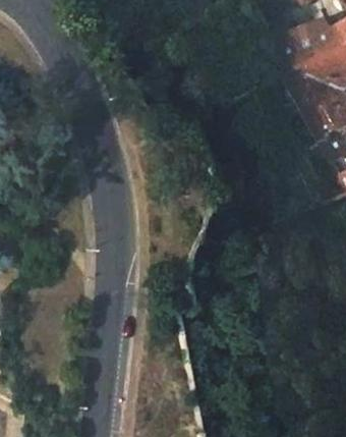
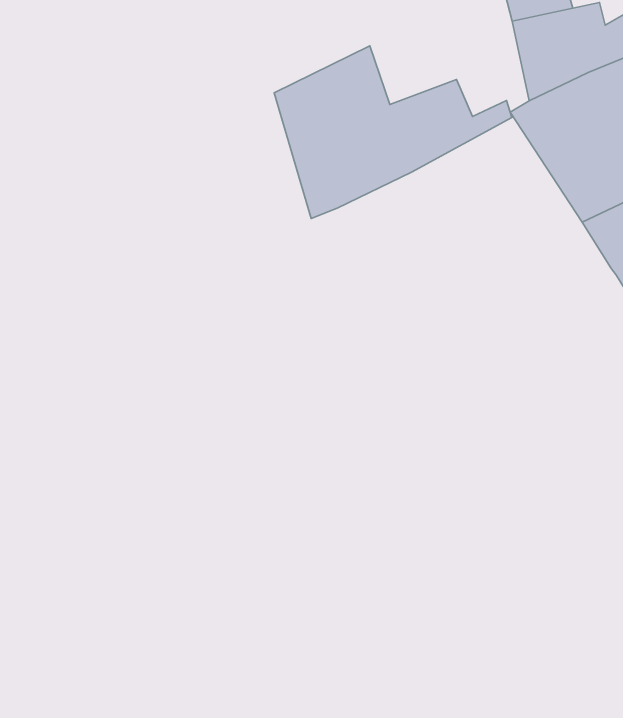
building: none -> [274,46,512,218]

